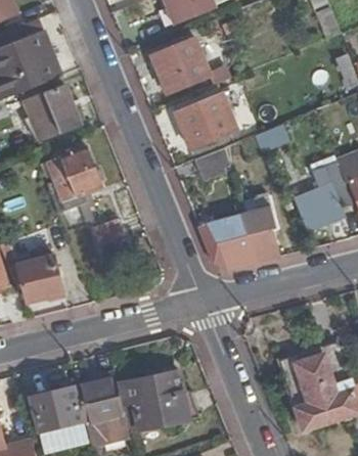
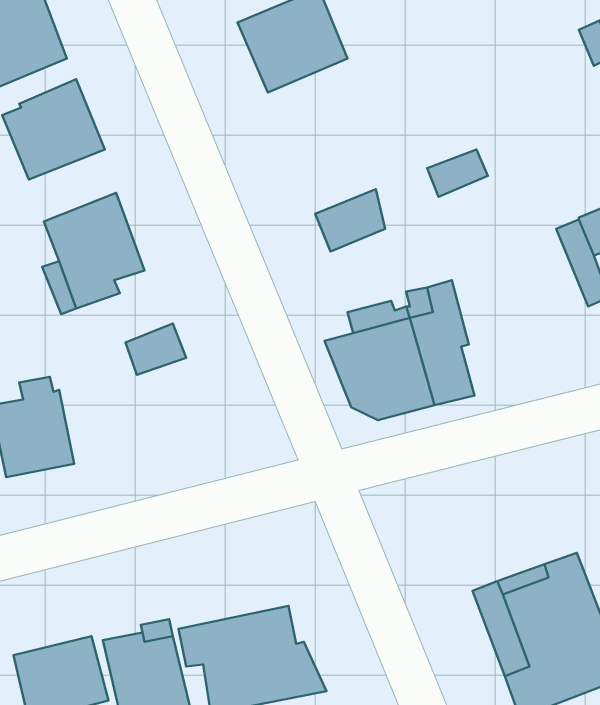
building: [174,93,237,148] -> none
building: [296,168,343,229] -> none

